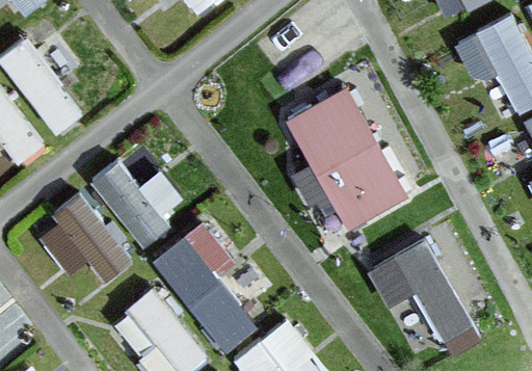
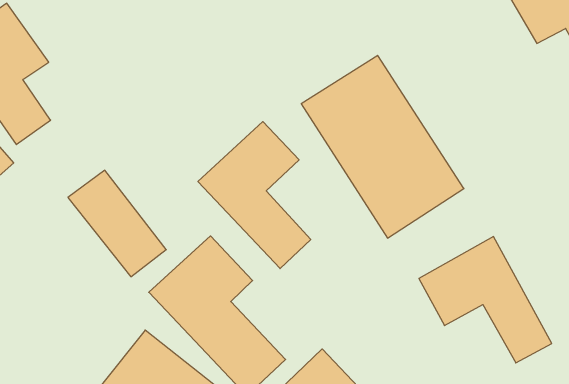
building: none -> [198,122,311,269]
building: [41,193,131,286] -> none

